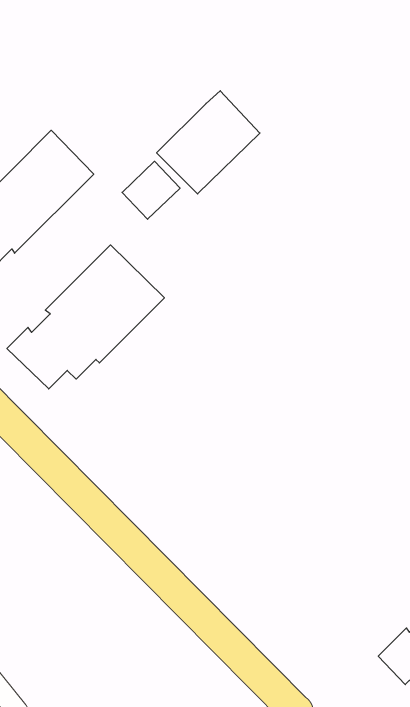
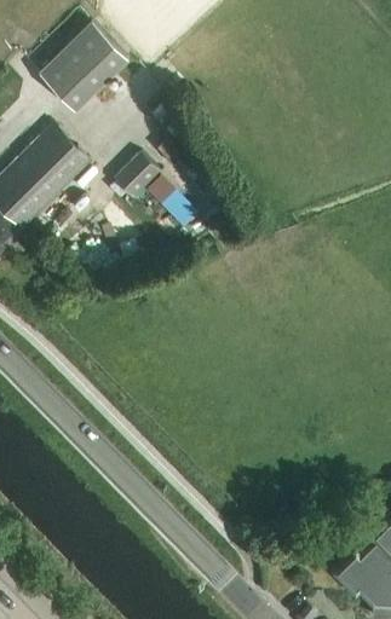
building: [157,91,260,194] -> [39,22,127,110]
building: [7,245,164,389] -> none

